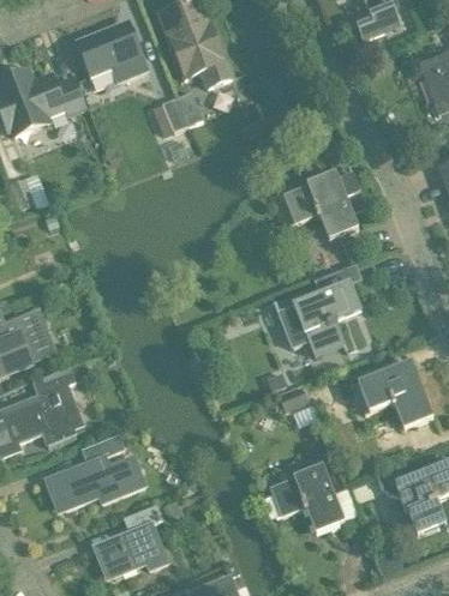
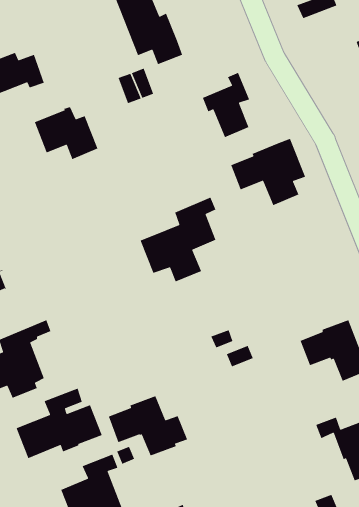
building: [77,24,146,82] -> [34,106,99,160]
building: none -> [202,72,250,138]
building: [277,264,360,356] -> [139,196,217,283]
building: [270,465,357,531] -> [108,395,188,457]

